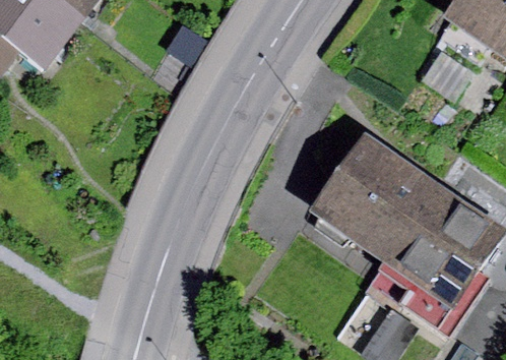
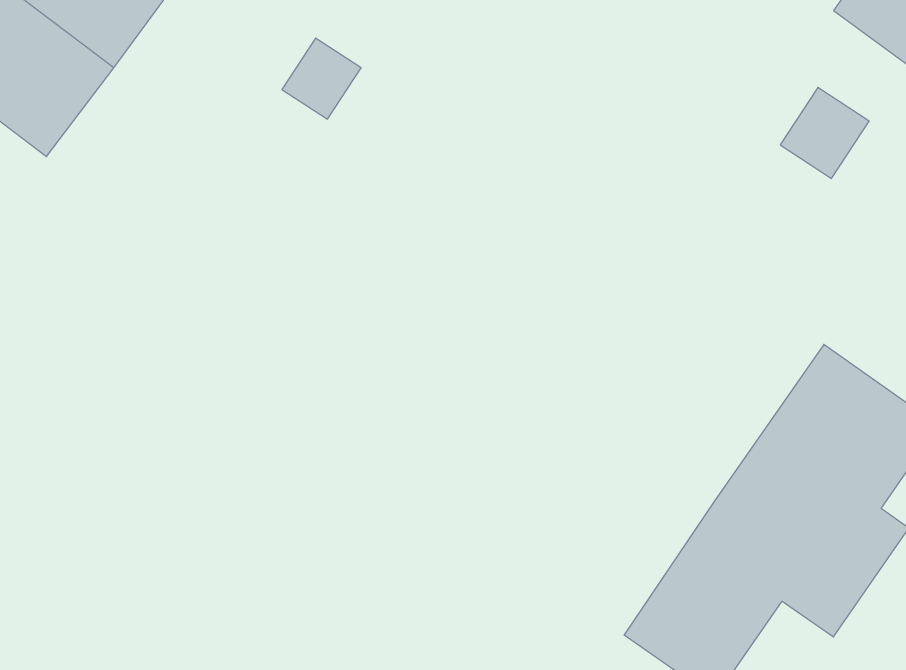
building: [308,128,442,262] -> none

